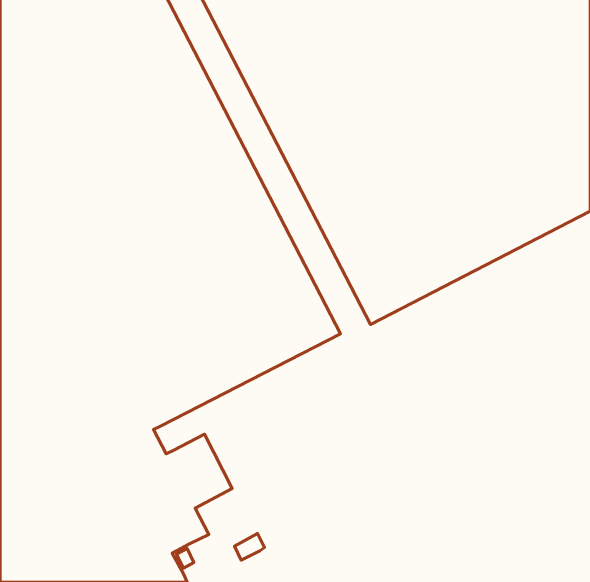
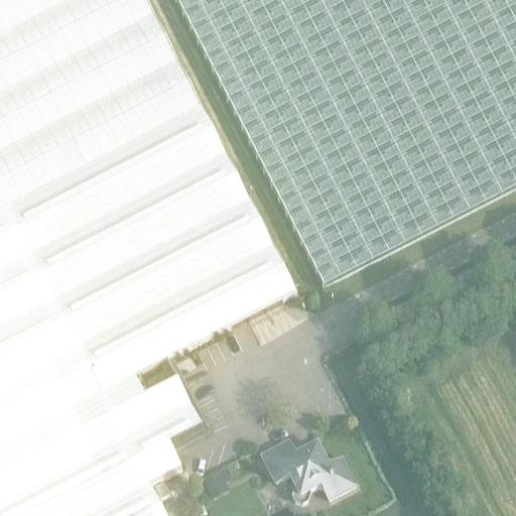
building: none -> [263,438,356,500]

